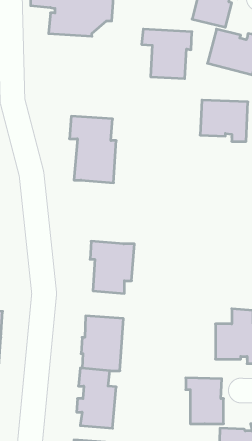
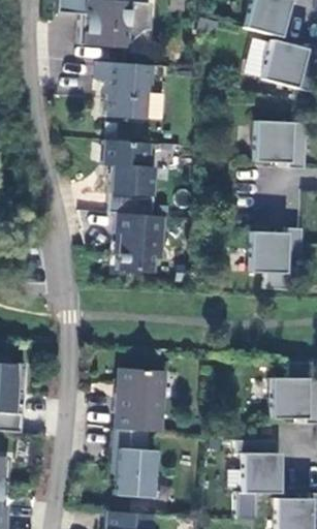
building: [142,29,192,79] -> [96,62,154,119]
building: none -> [248,228,303,289]
building: [90,241,134,293] -> [115,213,165,273]

